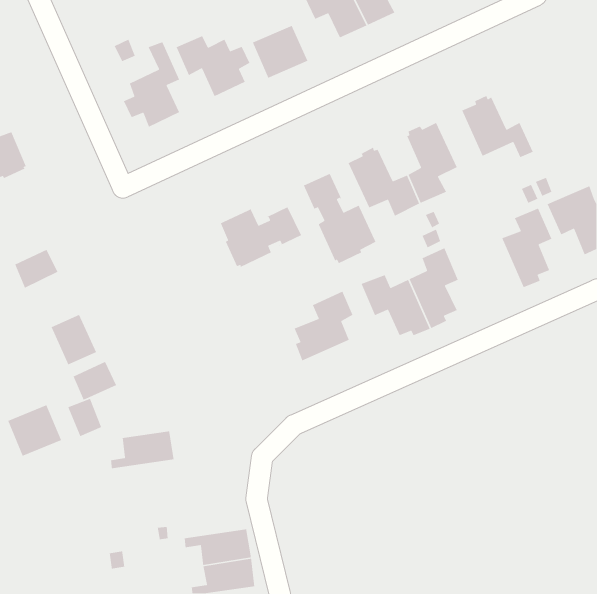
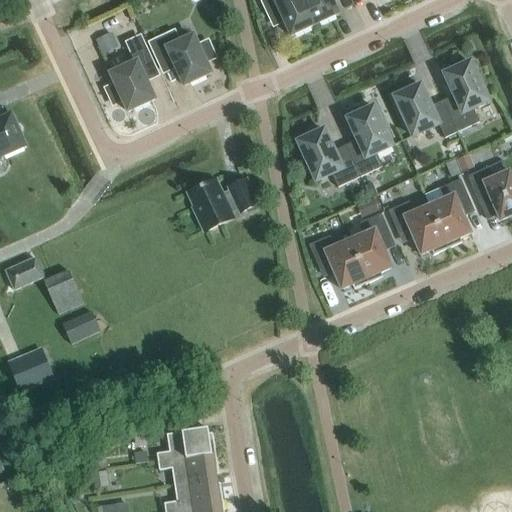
building: [252,25,308,79] -> none
building: none -> [443,59,488,130]
building: [303,173,378,264] -> none
building: none -> [388,199,447,253]
building: [14,249,58,289] -> [5,255,43,289]
building: [294,291,354,361] -> none
building: [67,398,102,437] -> none
building: [110,431,174,469] -> [156,426,211,459]

